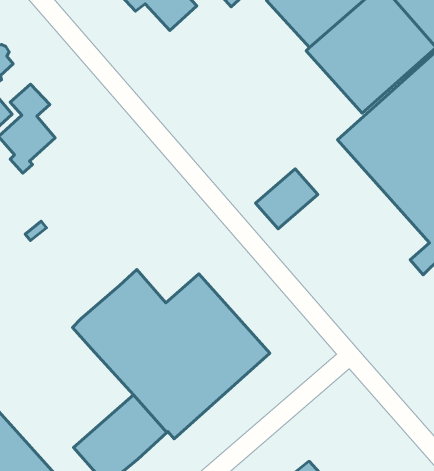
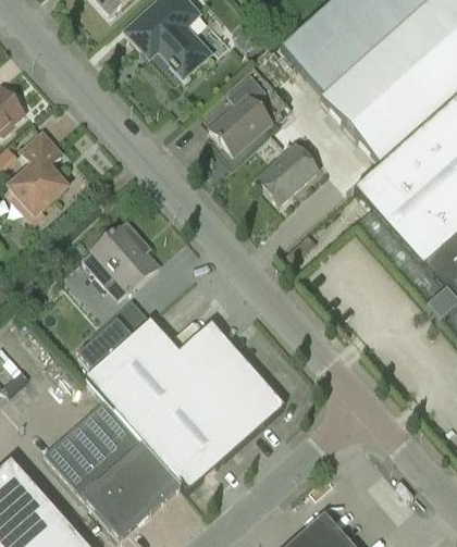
building: none -> [212,74,272,152]
building: [256,169,318,229] -> [257,142,320,203]
building: none -> [83,225,159,290]
building: none -> [79,318,133,369]
building: none -> [45,399,147,499]

